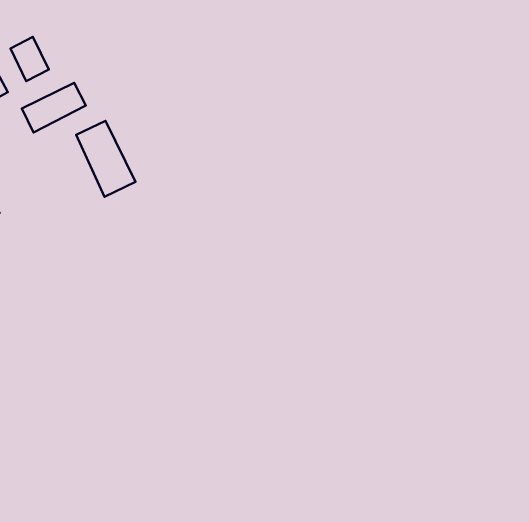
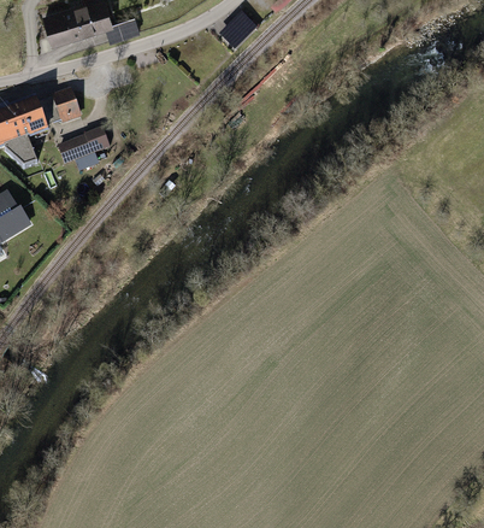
building: [76,121,135,197] -> none

